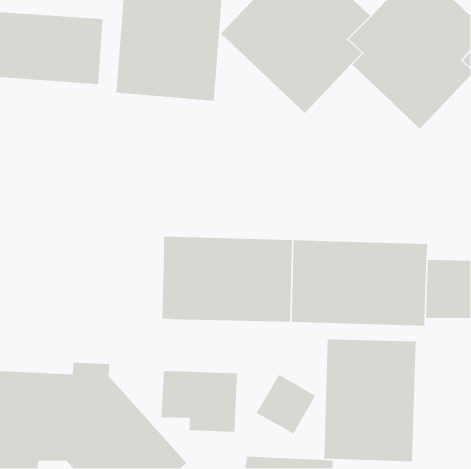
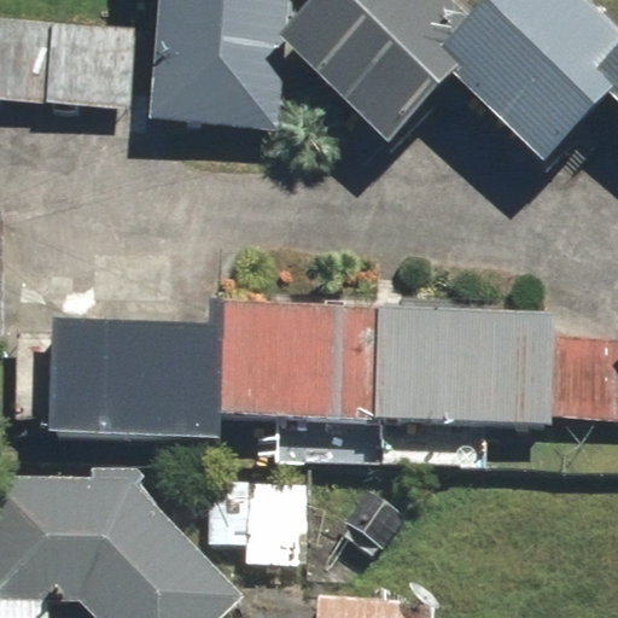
building: none -> [11,325,221,436]
building: [323,338,416,462] -> none

